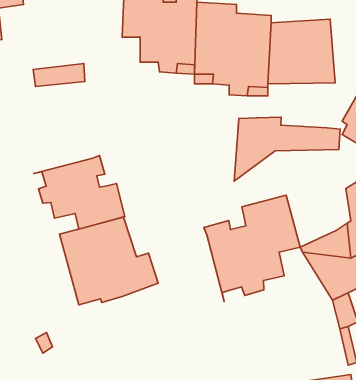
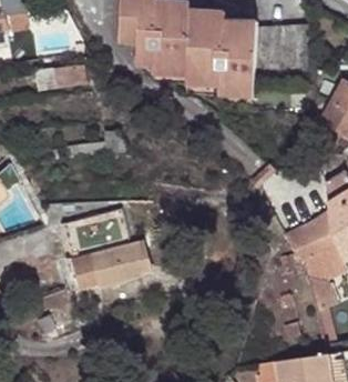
building: [234,117,340,181] -> none
building: [34,156,125,229] -> none
building: [204,195,300,301] -> none

